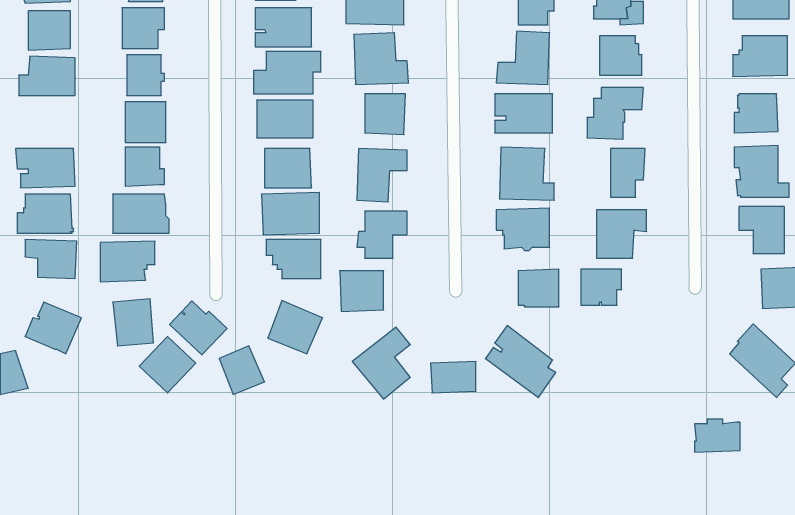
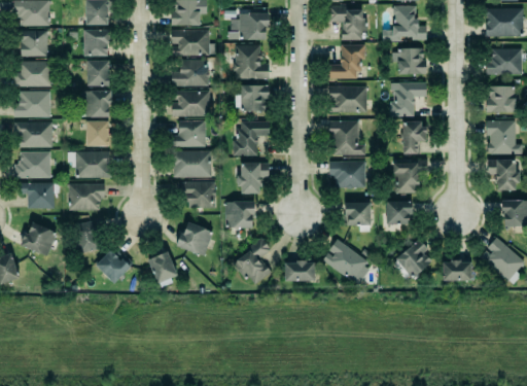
building: none -> [13,91,49,116]
building: [170,301,227,355] -> none
building: none -> [392,238,431,279]
building: [695,419,740,452] -> [442,259,471,281]

